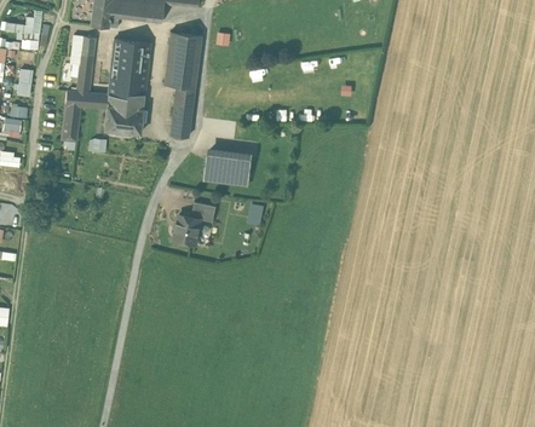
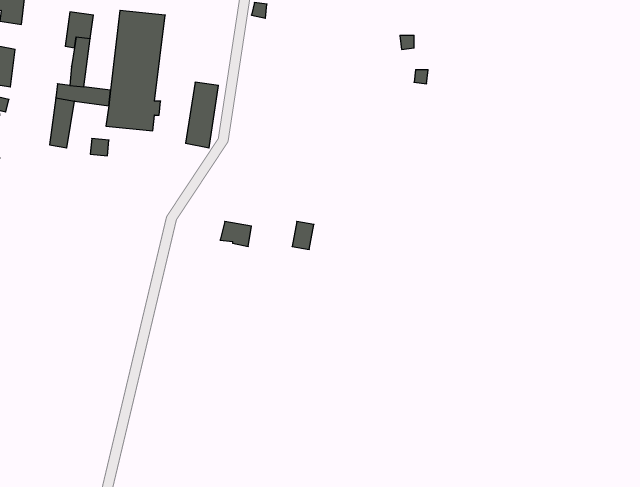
building: [160,40,197,97] -> none
building: [203,152,252,181] -> none
building: [173,214,201,244] -> none

